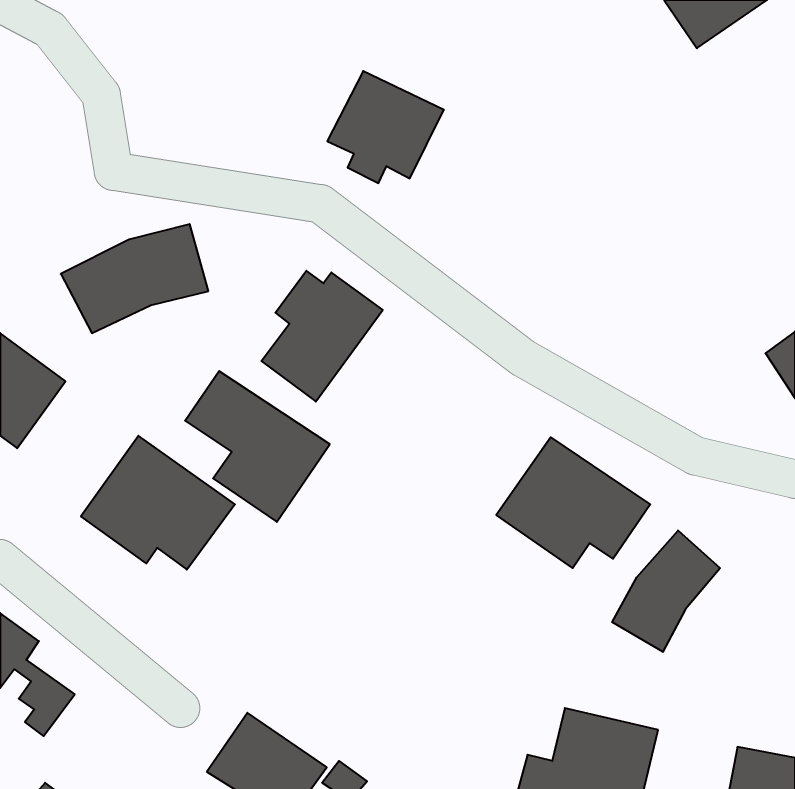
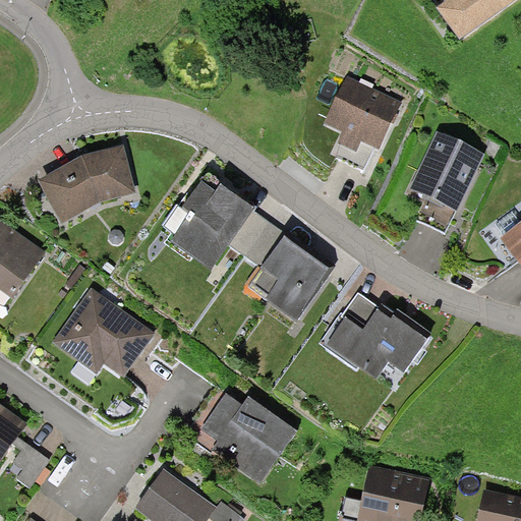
building: [327,71,444,183] -> [325,77,401,151]
building: none -> [411,132,485,233]
building: [185,371,330,522] -> [234,217,329,315]
building: [612,530,720,652] -> none
building: none -> [204,394,296,479]

